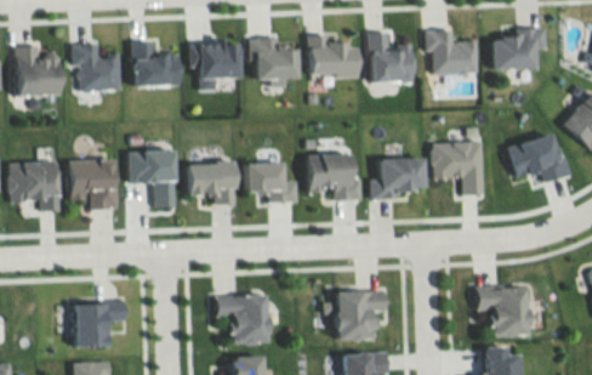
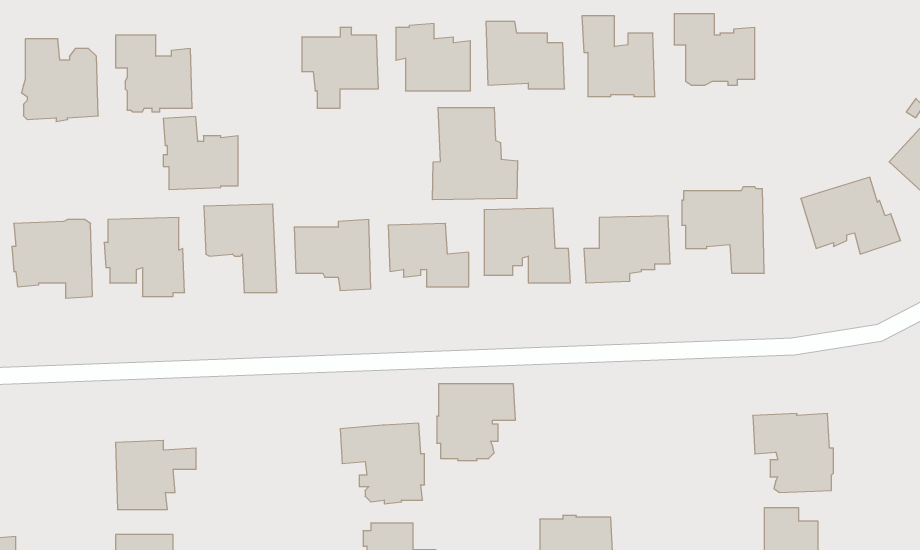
building: [493,28,547,70] -> none
building: [132,41,180,87] -> [163,117,238,190]
building: none -> [433,107,518,200]
building: [336,286,386,335] -> [437,384,515,461]

